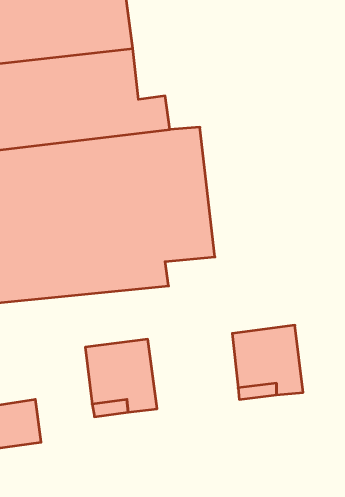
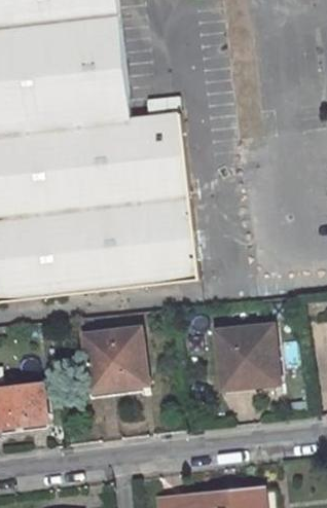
building: none -> [153,111,184,144]
building: none -> [153,257,199,283]

